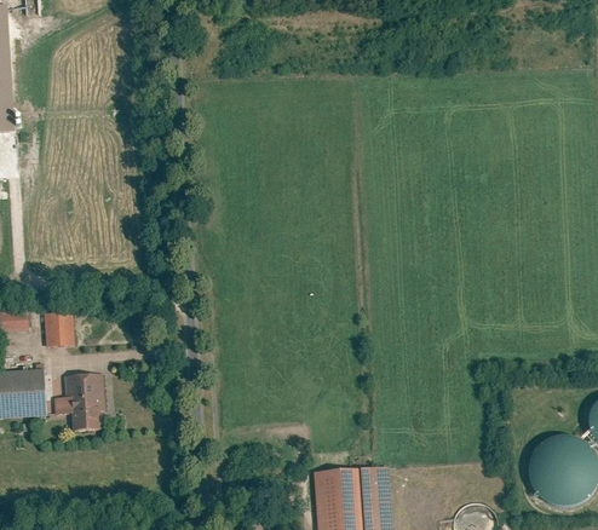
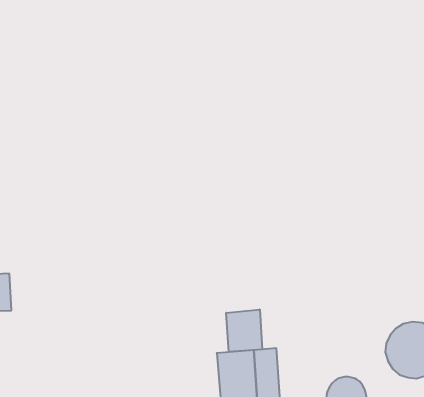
building: [44,311,73,347] -> none
building: [59,374,108,431] -> none
building: none -> [226,309,262,352]

